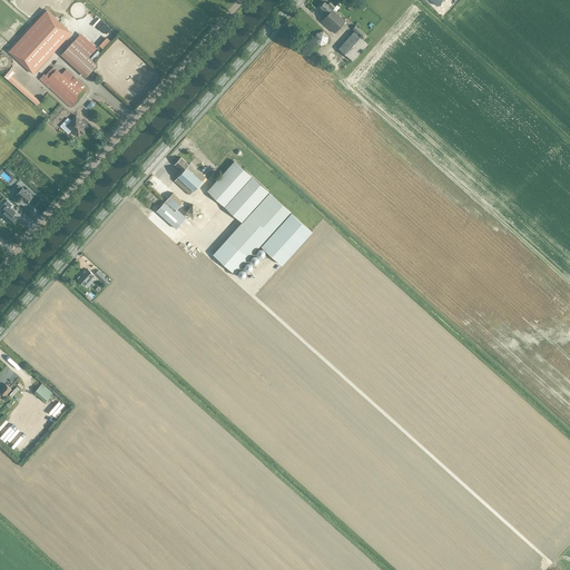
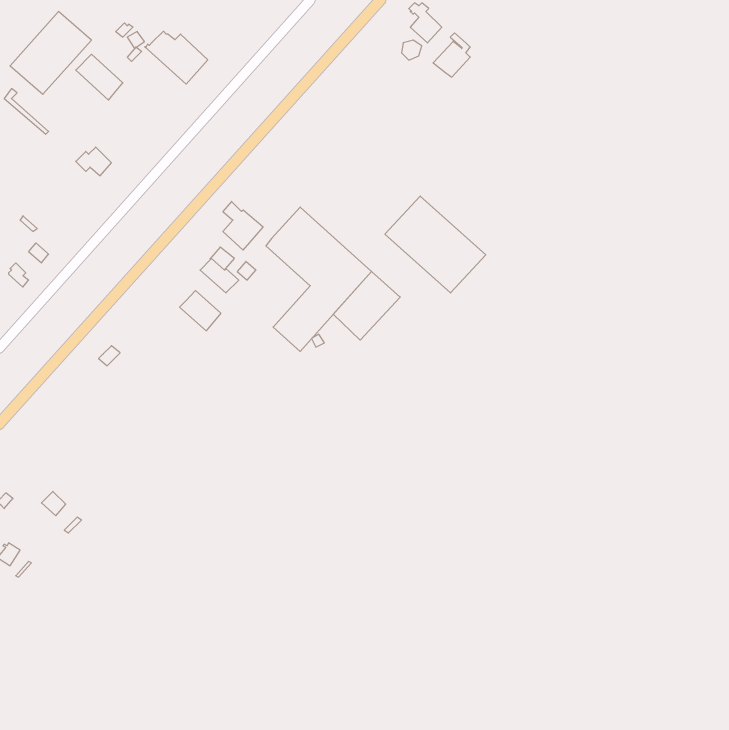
building: [38,67,87,108] -> [145,31,208,84]
building: none -> [385,196,486,293]
building: none -> [180,291,221,331]

